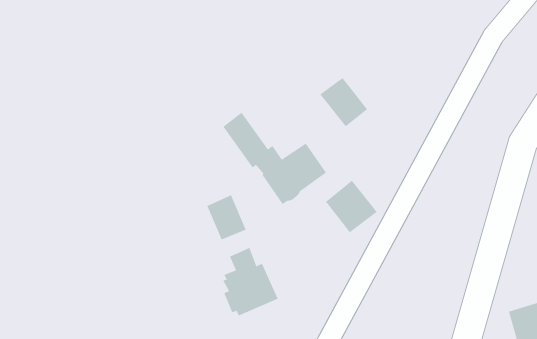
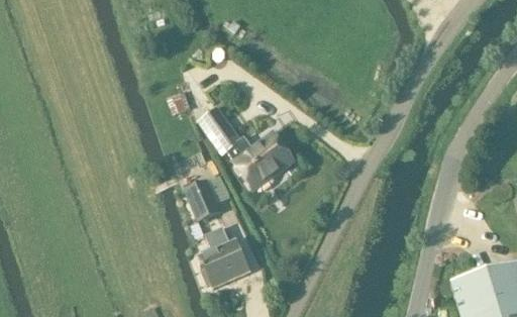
building: [320,77,368,127] -> none
building: [325,180,378,233] -> none

